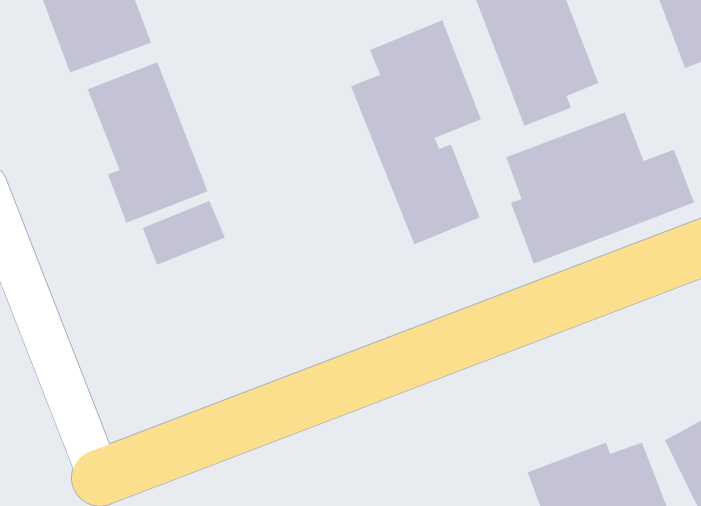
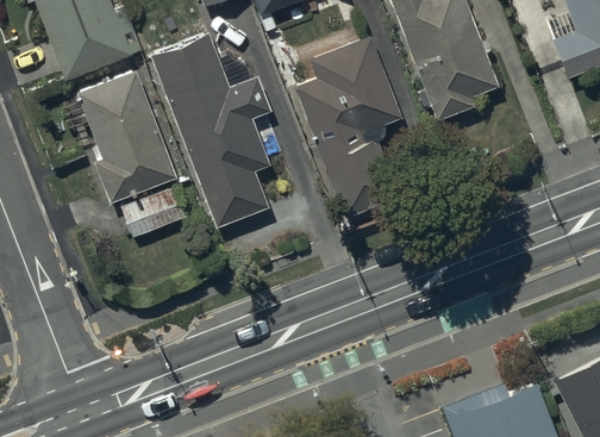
building: none -> [152,32,288,227]
building: [506,112,695,264] -> none

